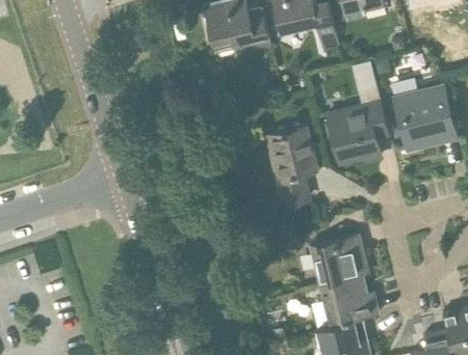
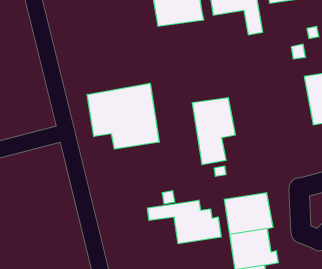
building: [327,97,389,163] -> none
building: none -> [87,83,159,149]
building: none -> [148,200,221,244]

